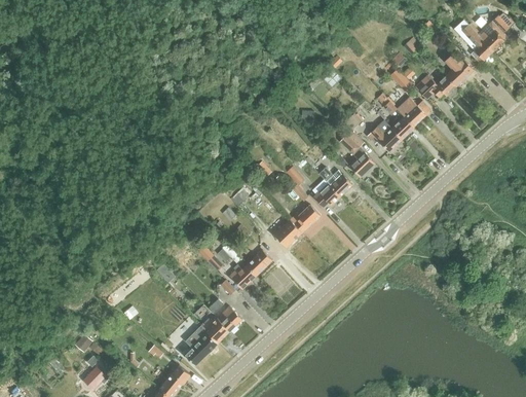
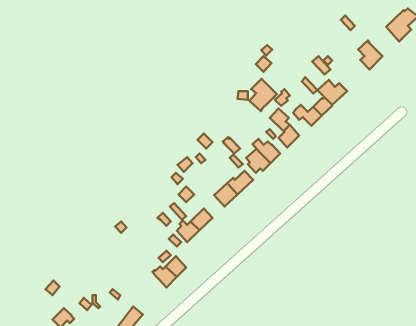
building: [460,25,492,62] -> none
building: [414,73,457,98] -> none
building: none -> [250,79,277,111]
building: [184,324,217,364] -> none

